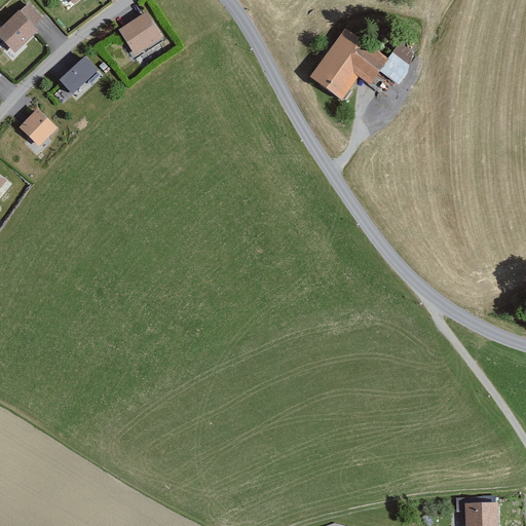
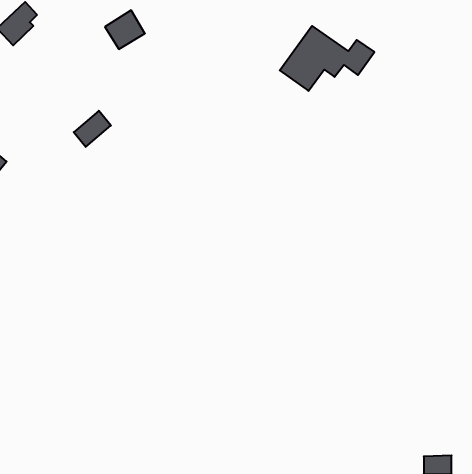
building: [57,54,98,95] -> [74,111,111,147]
building: [17,108,54,145] -> none

